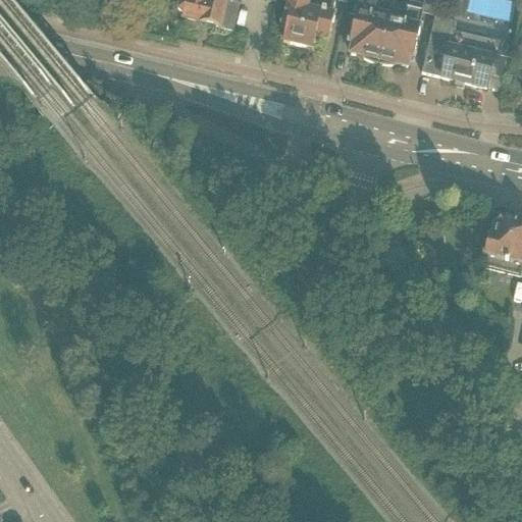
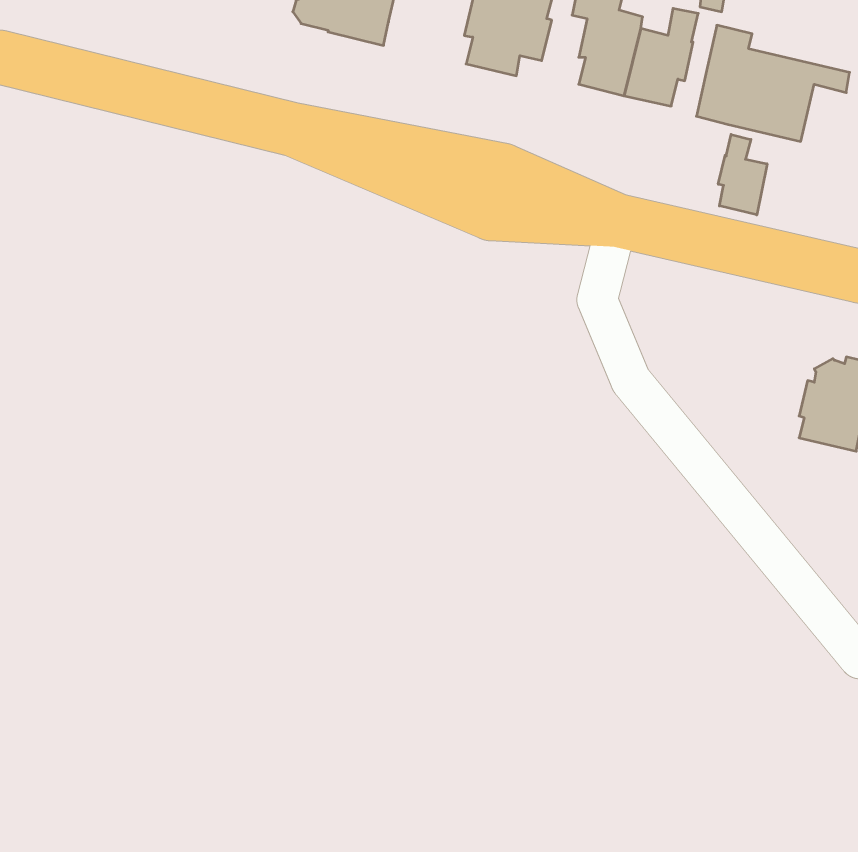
building: none -> [718,134,767,215]

